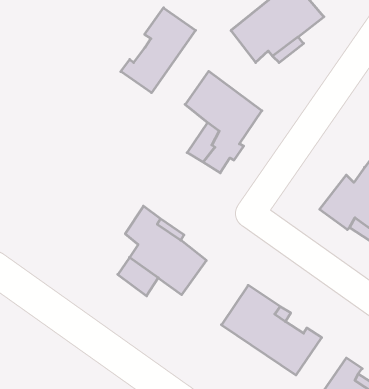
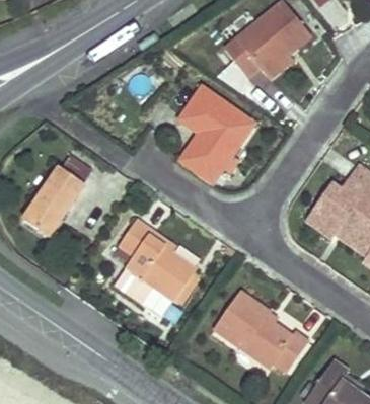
building: [121,8,196,93] -> none
building: none -> [24,162,86,233]

